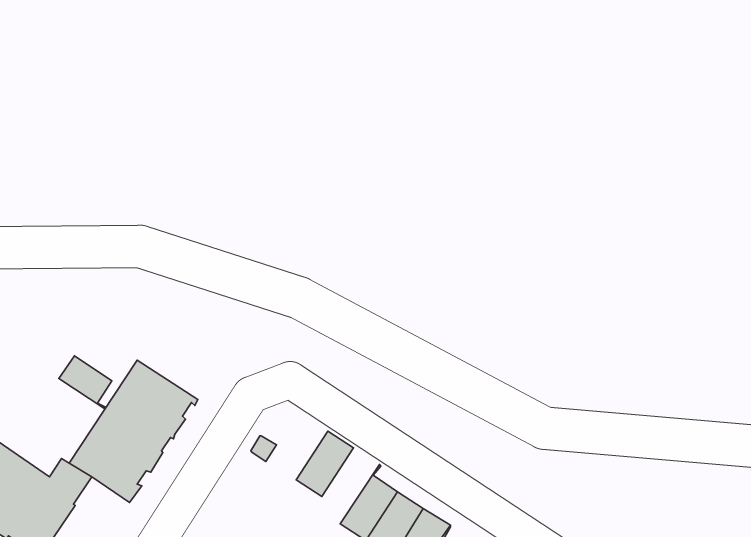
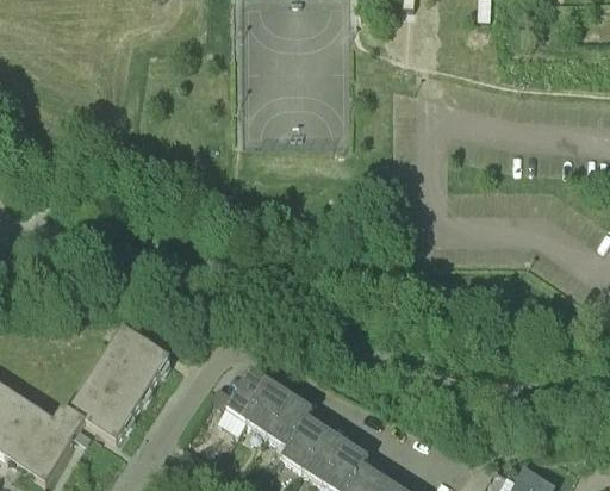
building: [59,356,112,409] -> none
building: none -> [226,367,273,419]
building: none -> [268,394,313,454]

